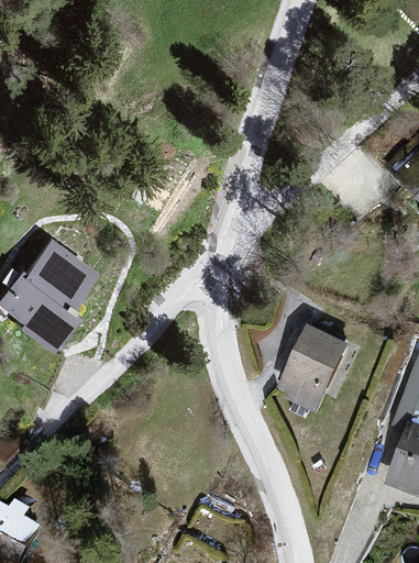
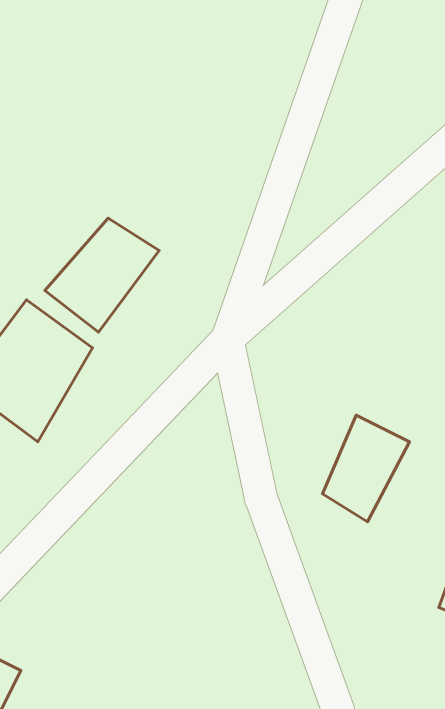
building: none -> [45,218,159,332]

